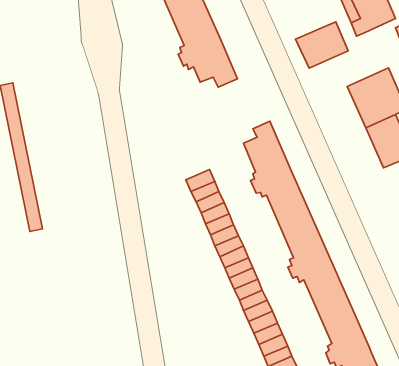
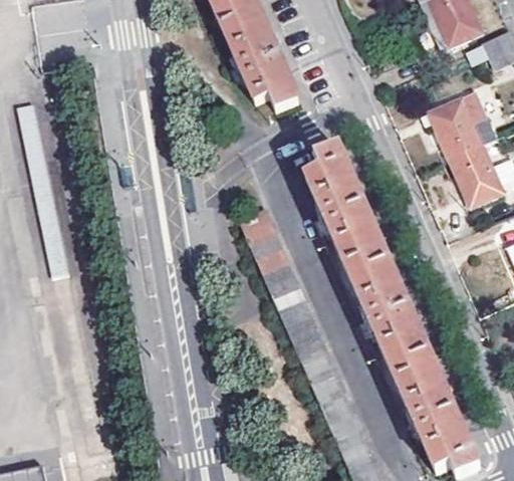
building: [296,22,348,68] -> none

